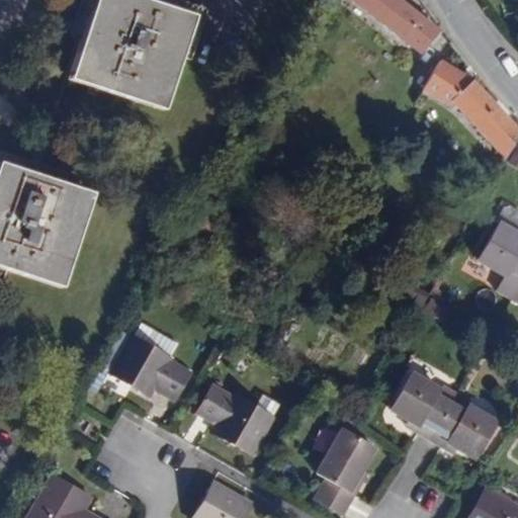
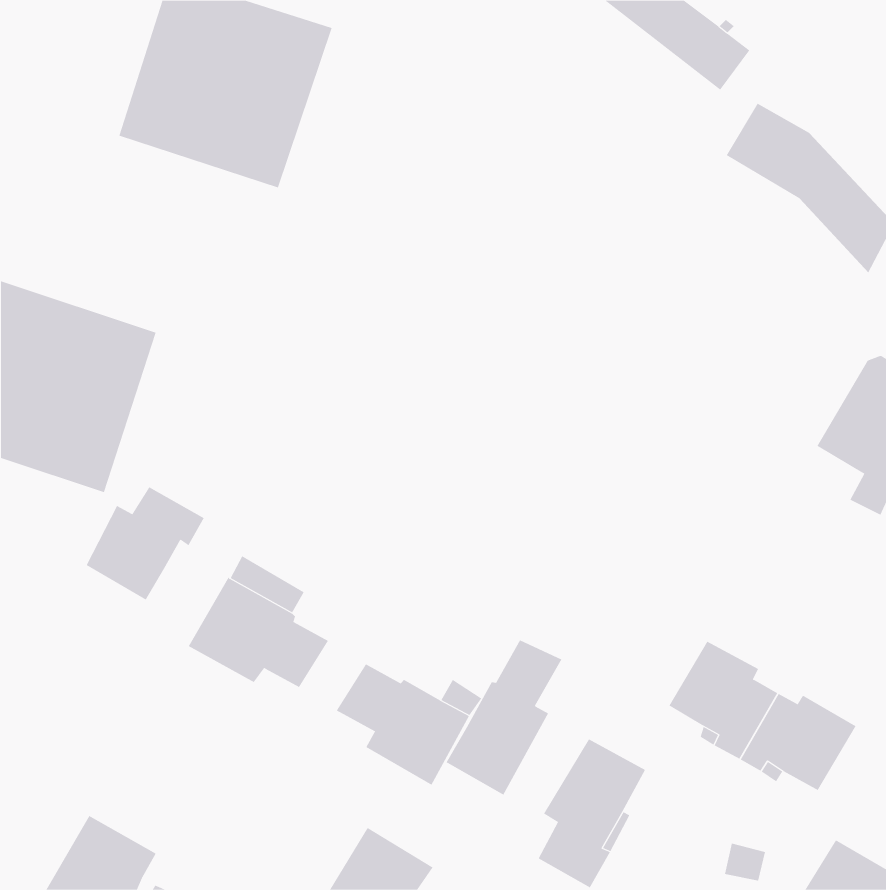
building: none -> [86,486,205,600]
building: none -> [446,640,562,795]

